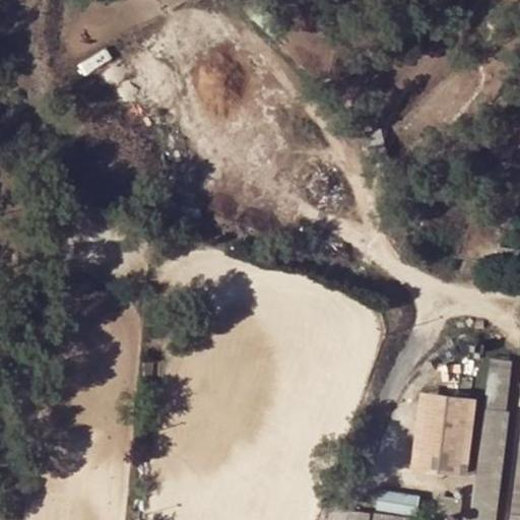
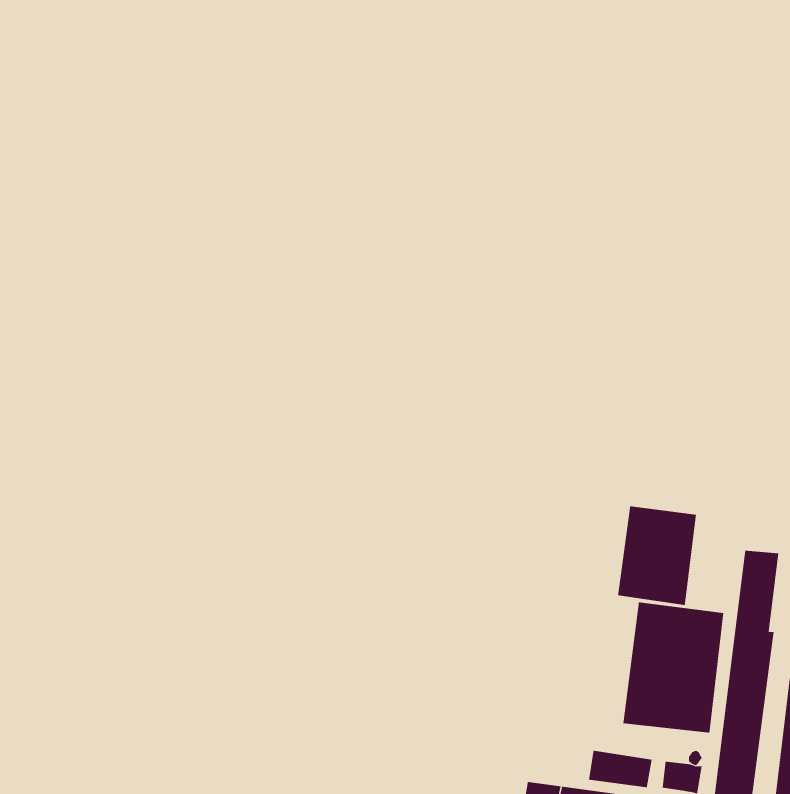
building: none -> [617,506,697,606]

